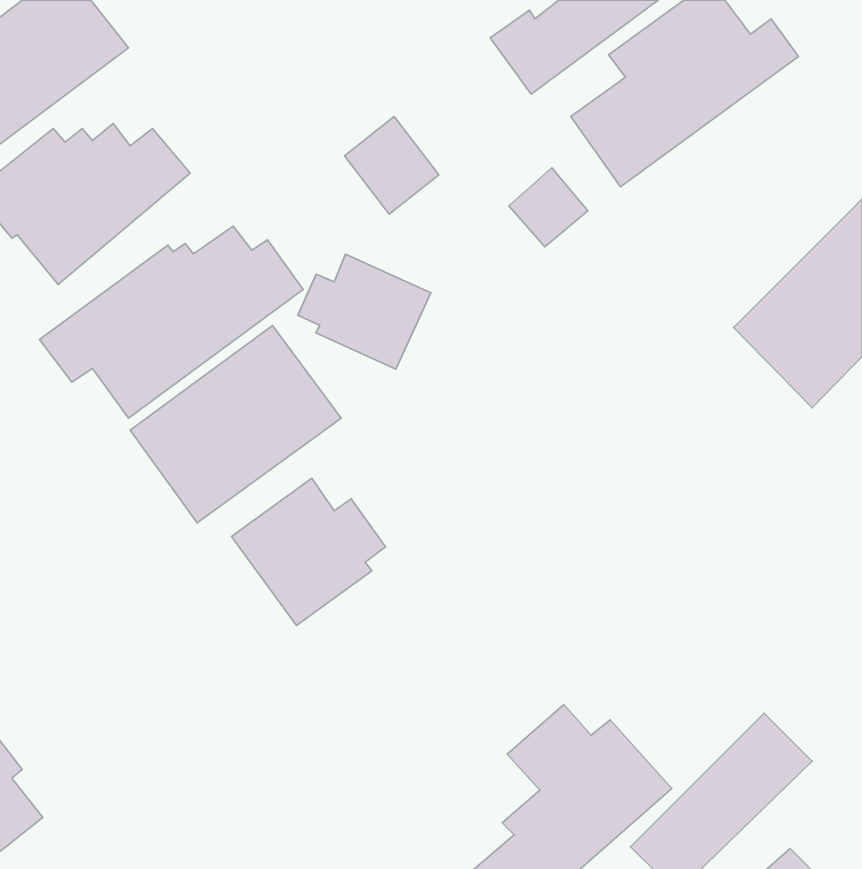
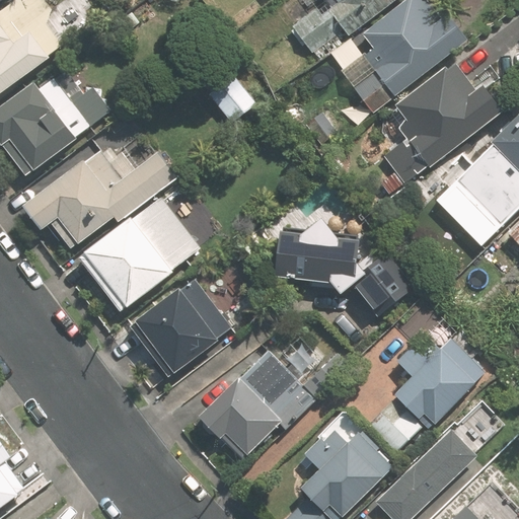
building: none -> [380,61,506,187]
building: [298,254,431,369] -> none
building: none -> [269,210,409,326]
building: none -> [391,323,488,425]
building: none -> [197,347,341,454]

